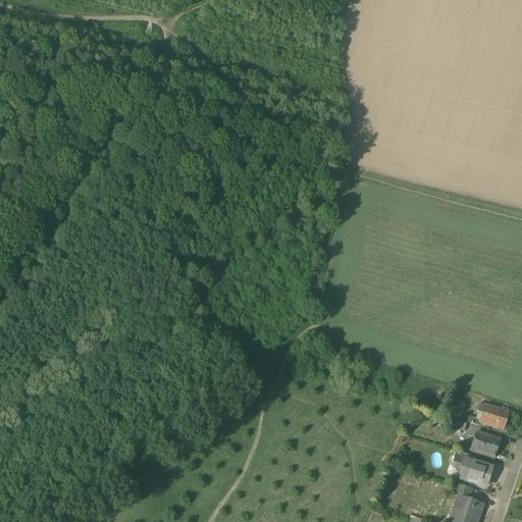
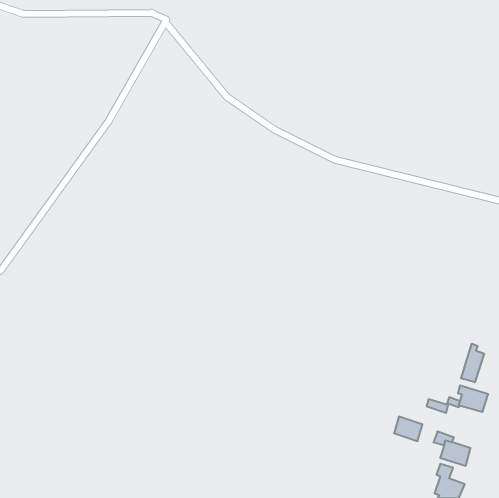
building: none -> [461,344,484,382]
building: [471,431,501,457] -> [394,417,422,441]

